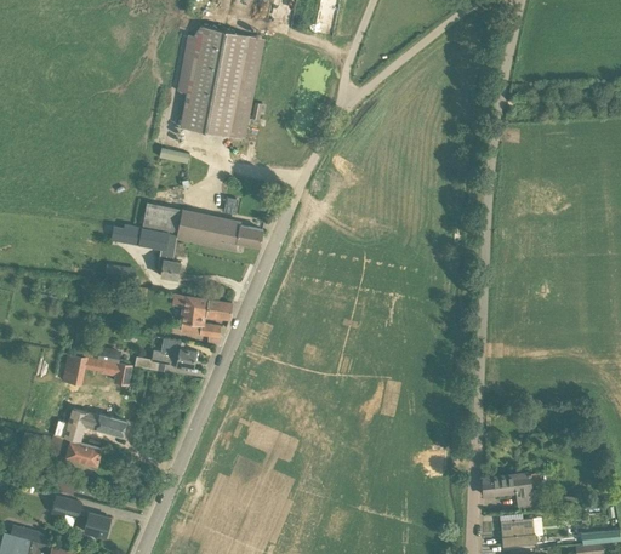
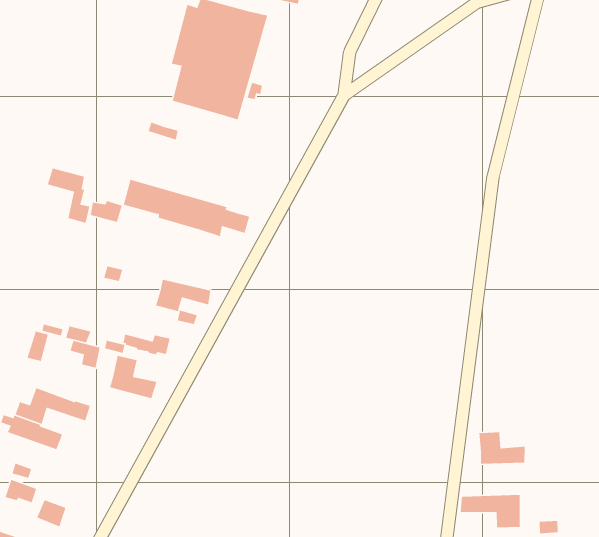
building: [138,229,181,280] -> [47,167,90,224]
building: none -> [109,355,157,399]
building: none -> [478,432,526,465]

